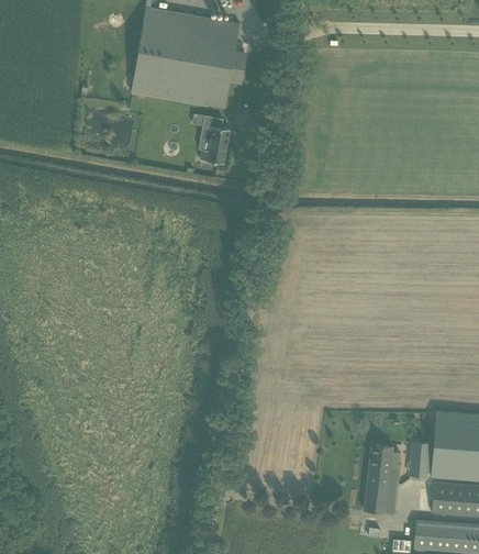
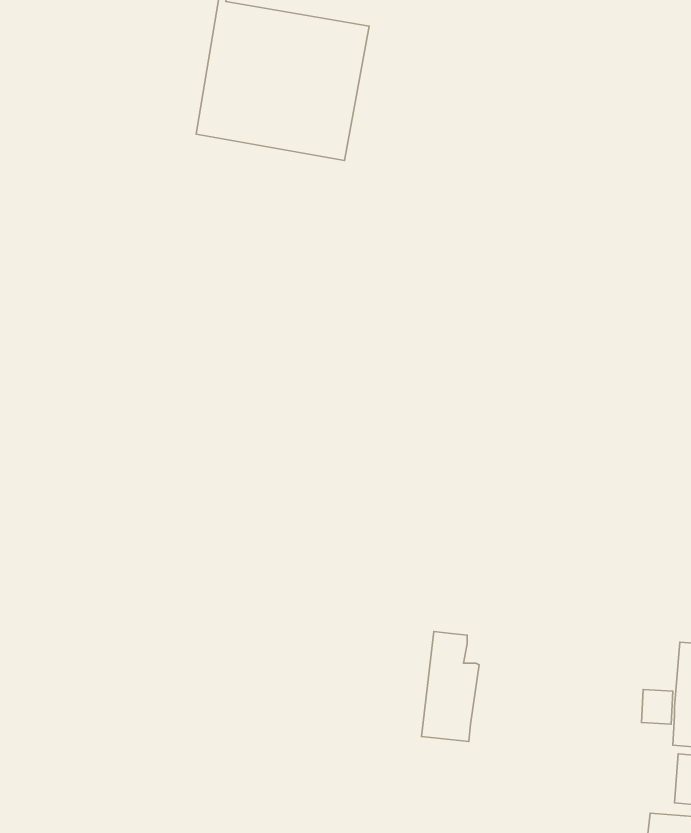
building: [201,126,231,164] -> none
building: [365,444,401,513] -> [422,632,479,742]

